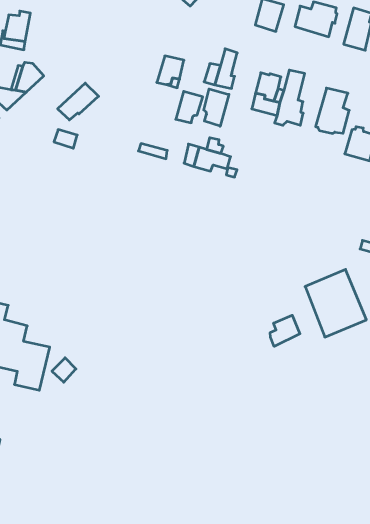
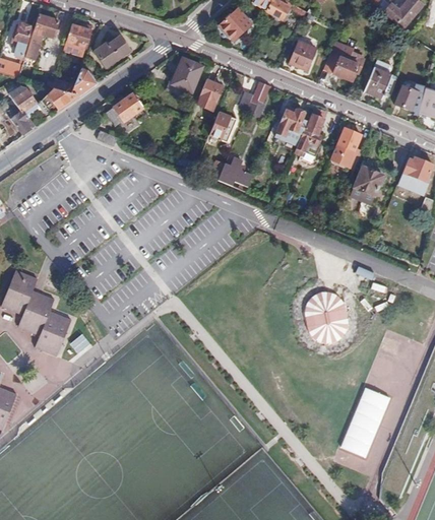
building: none -> [95,36,130,66]
building: none -> [171,58,202,92]
building: [204,89,229,126] -> none
building: [270,315,300,346] -> none

